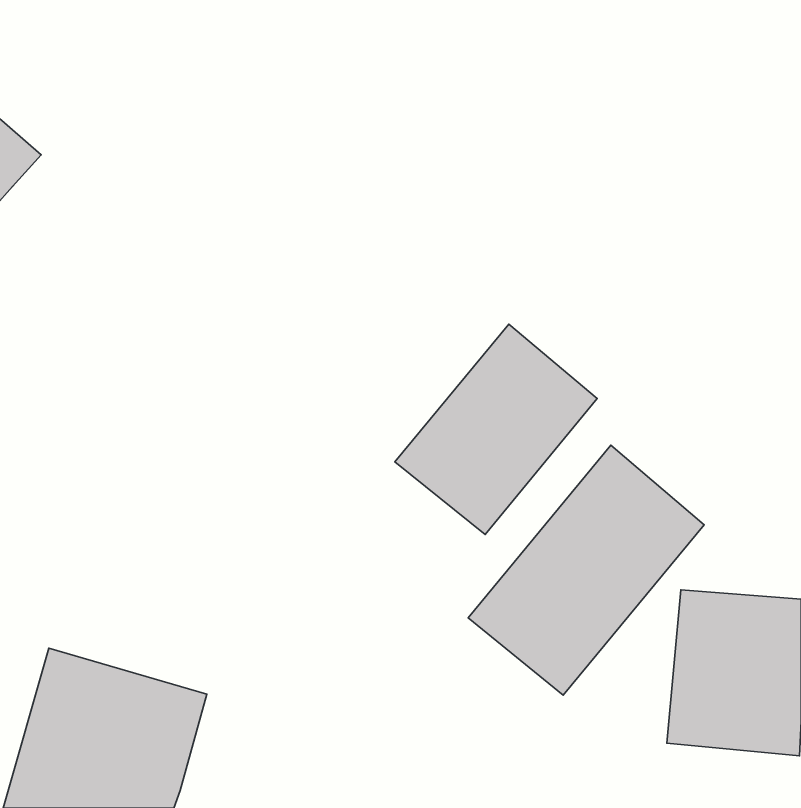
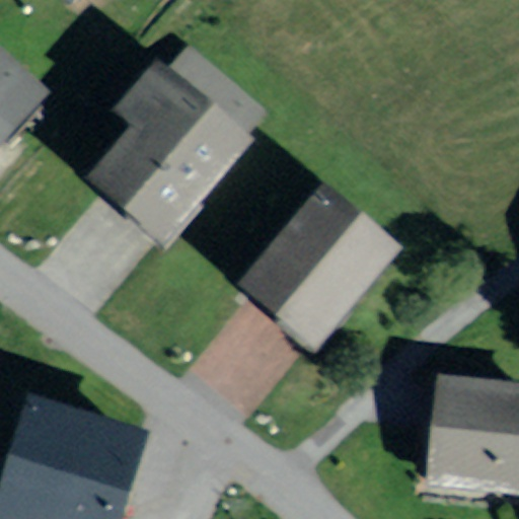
building: none -> [106,52,262,229]
building: [468,445,704,695] -> none

